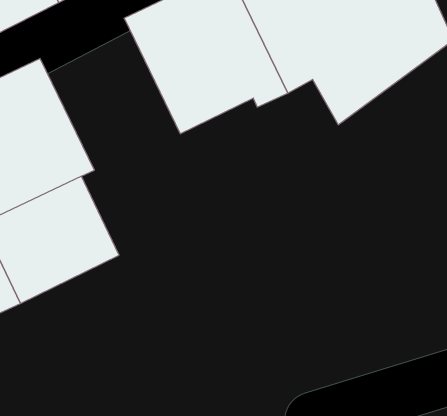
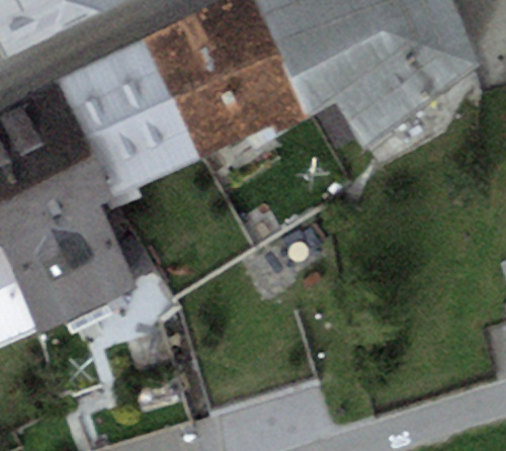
building: none -> [56,40,199,215]

